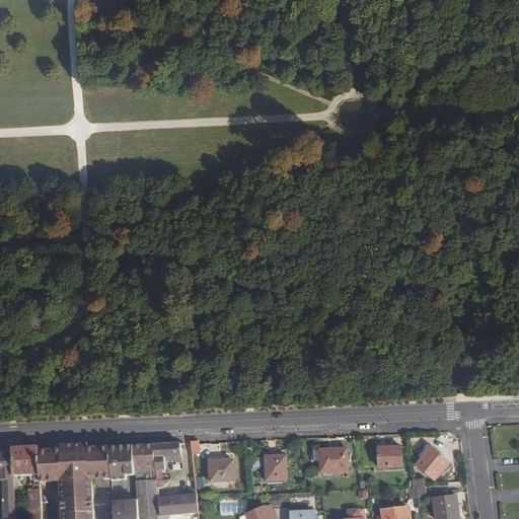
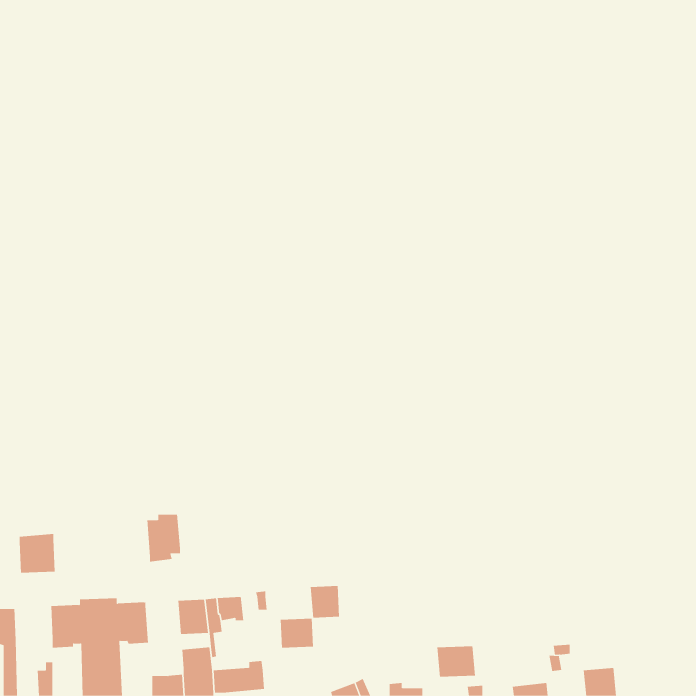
building: [11,446,39,475] -> [19,534,56,573]
building: [108,446,134,481] -> [147,514,181,562]
building: [377,446,401,467] -> none
building: [416,447,449,479] -> none
building: [318,448,348,471] -> [436,646,476,677]
building: [264,455,286,479] -> [310,585,340,618]

